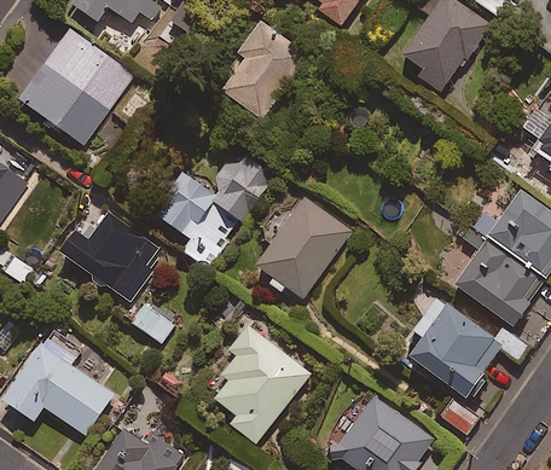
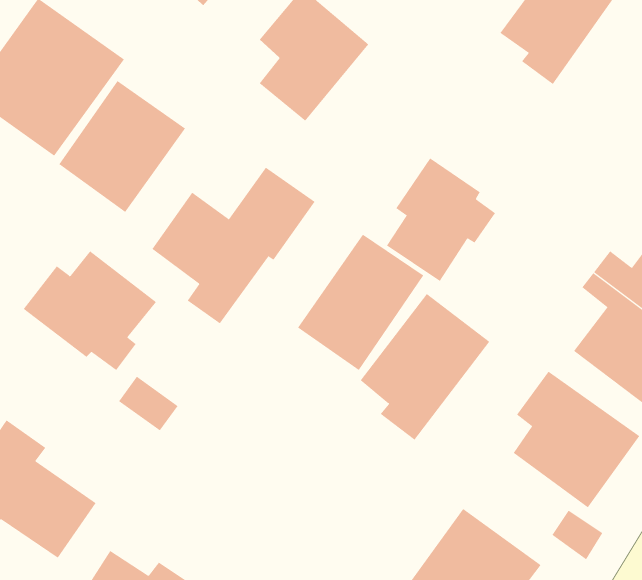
building: none -> [58,80,186,213]
building: none -> [386,157,496,282]
building: [215,336,309,442] -> [360,293,490,441]

